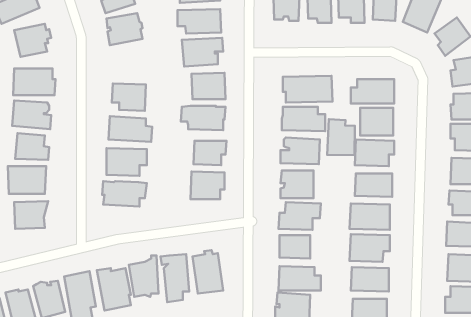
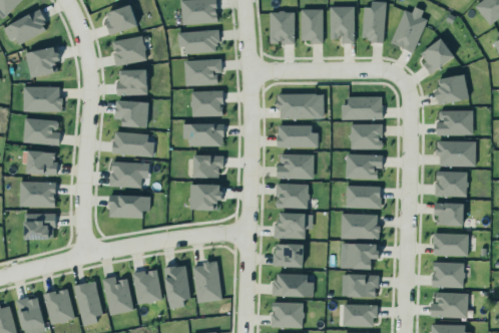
building: none -> [117,70,148,96]
building: [327,119,355,155] -> none

